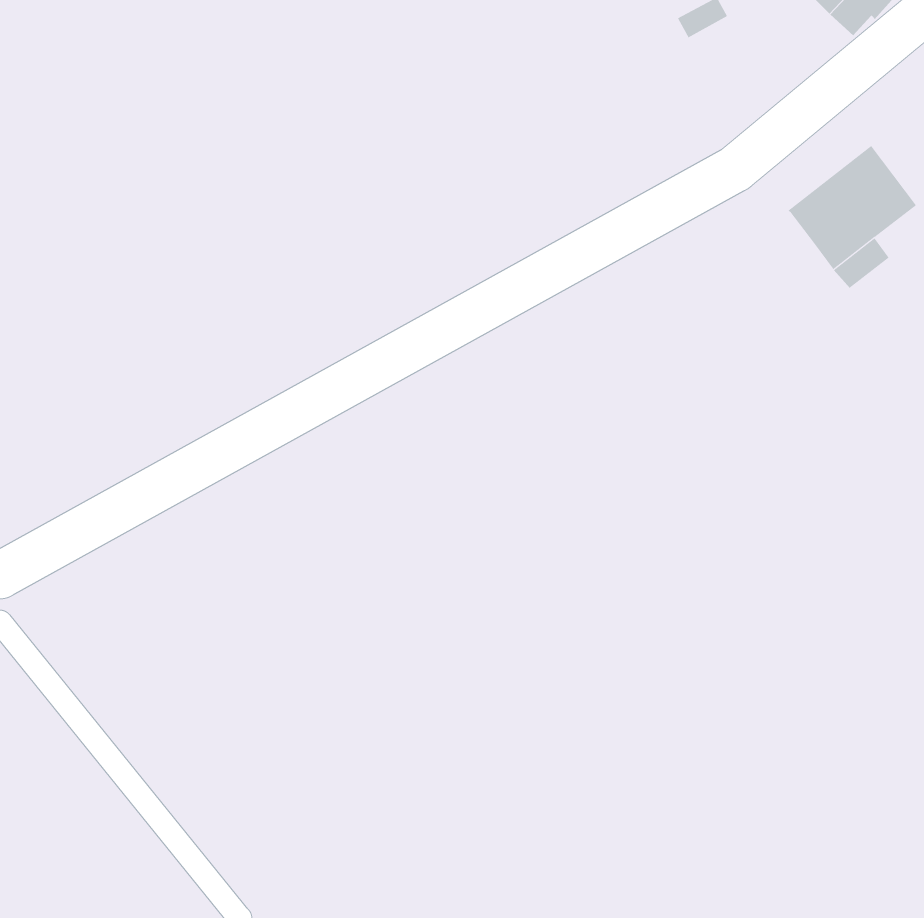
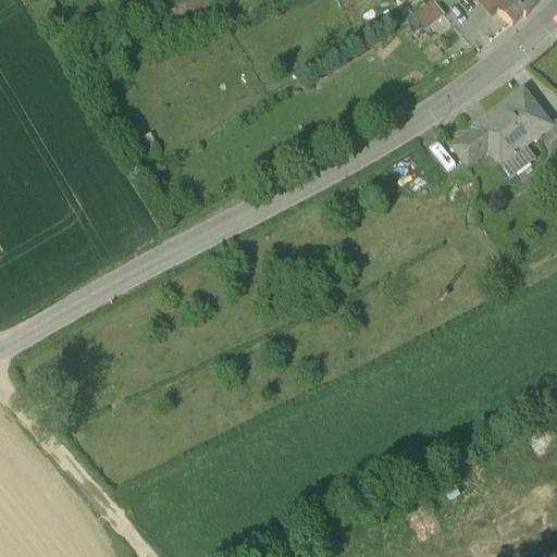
building: none -> [455,127,490,161]

